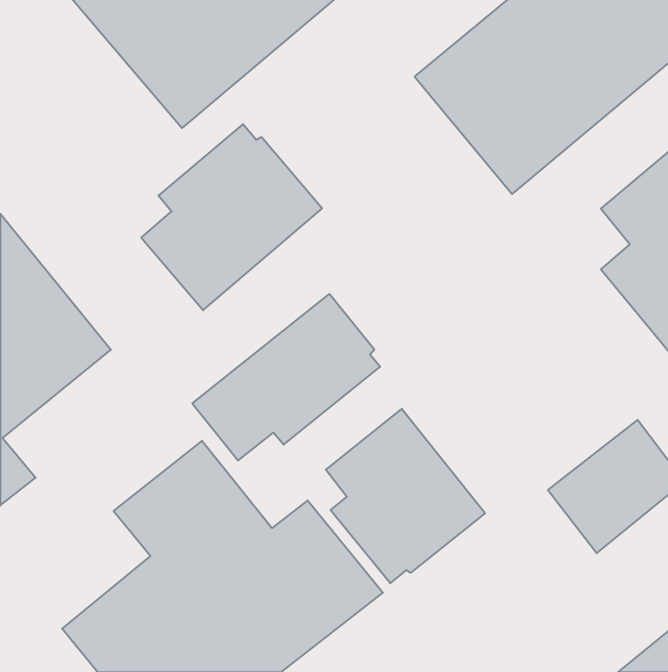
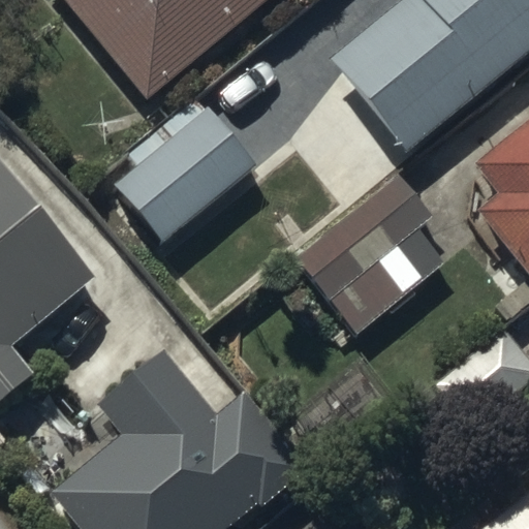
building: none -> [297,175,446,335]
building: [192,294,380,461] -> none
building: [326,409,485,583] -> none

